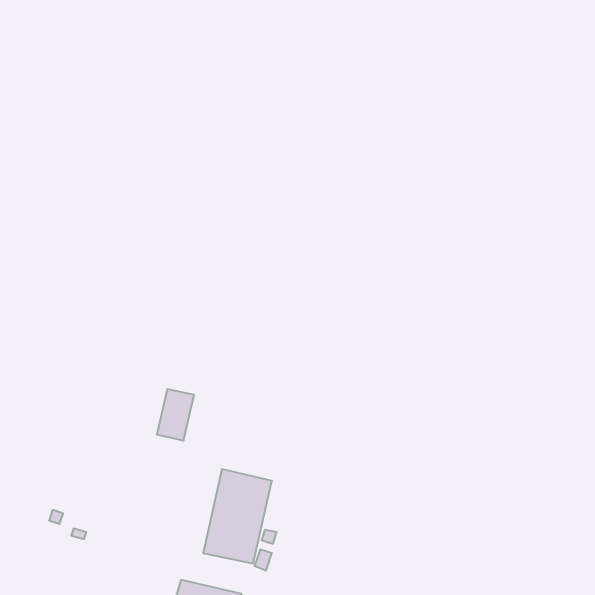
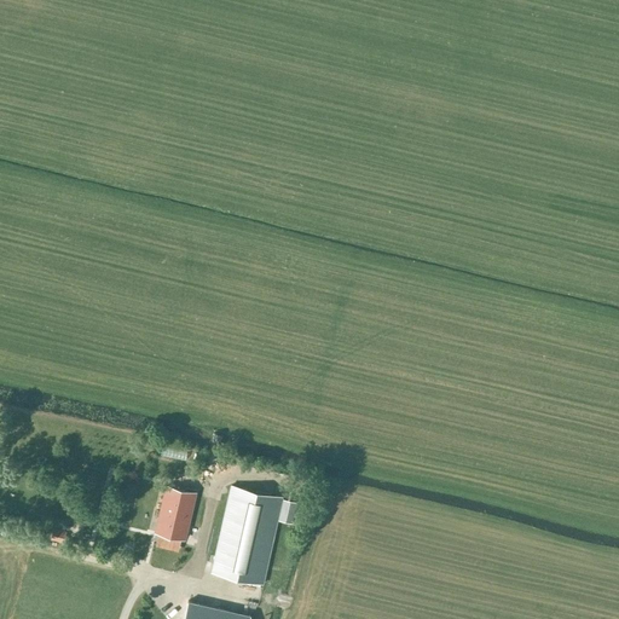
building: [157,389,194,440] -> [156,488,195,542]

